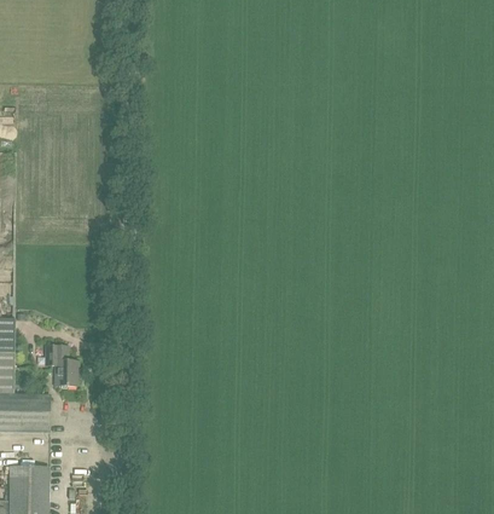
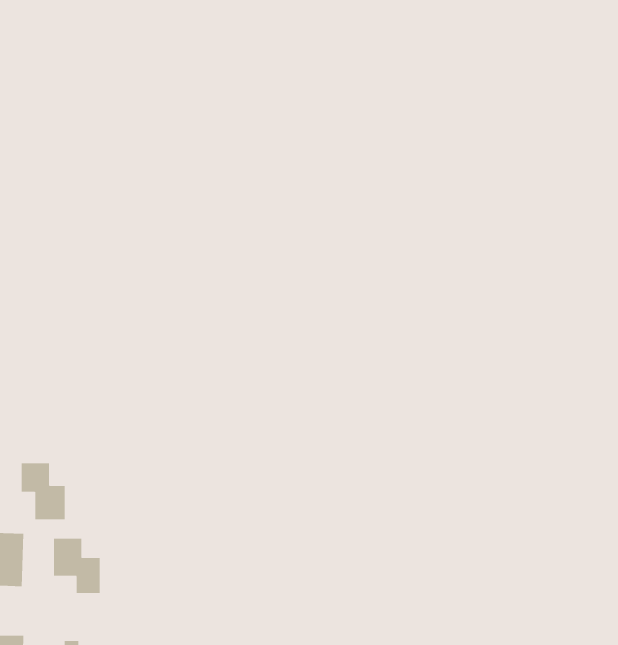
building: none -> [53,538,100,594]

